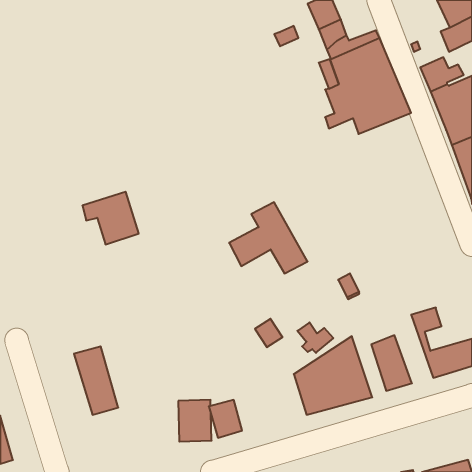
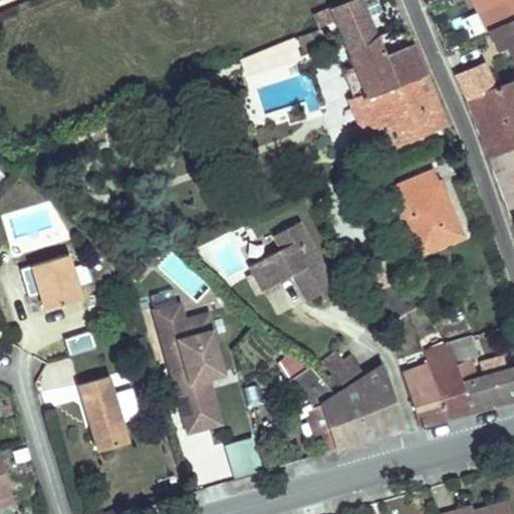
building: none -> [384,168,463,254]
building: [82,192,139,244] -> [23,255,84,312]
building: none -> [155,298,227,432]
building: none -> [420,337,471,417]

